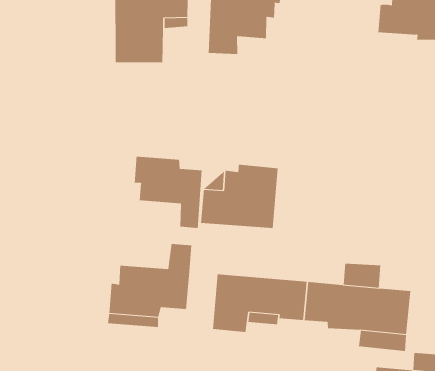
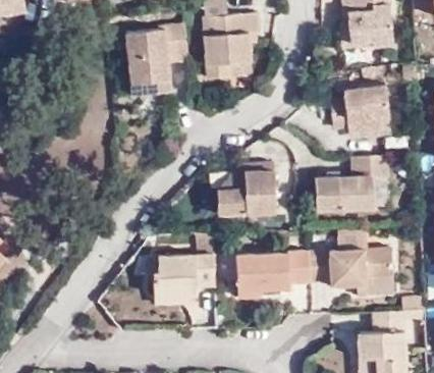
building: none -> [328,86,391,135]
building: [134,156,202,229] -> none
building: none -> [315,157,389,212]

